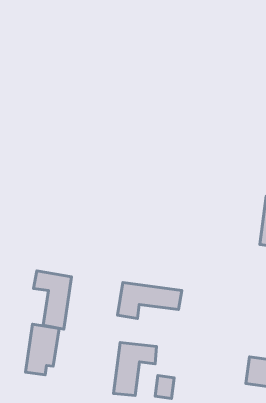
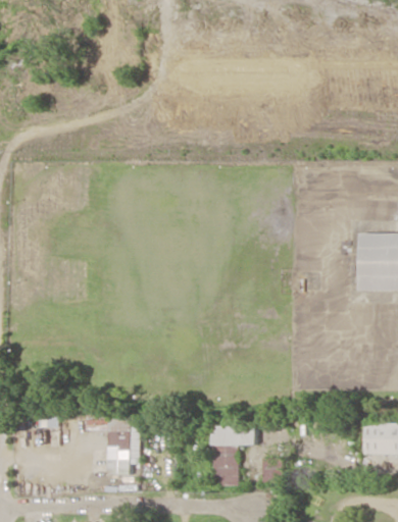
building: [34,271,71,329] -> none
building: [118,283,182,318] -> none

